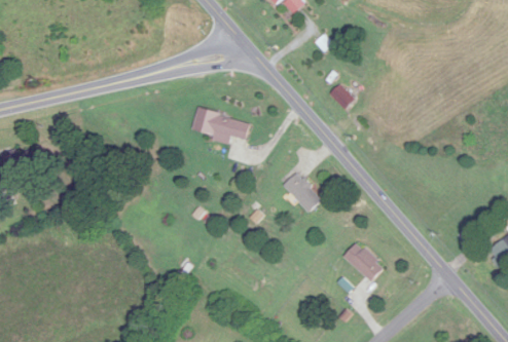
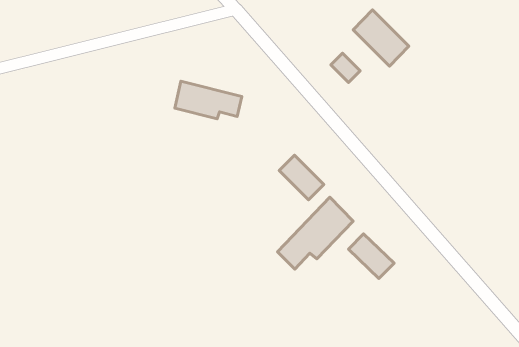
building: none -> [353,10,409,66]
building: none -> [277,197,353,269]

